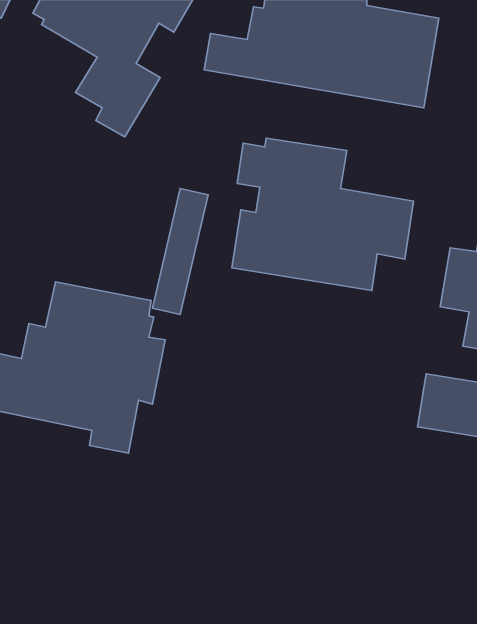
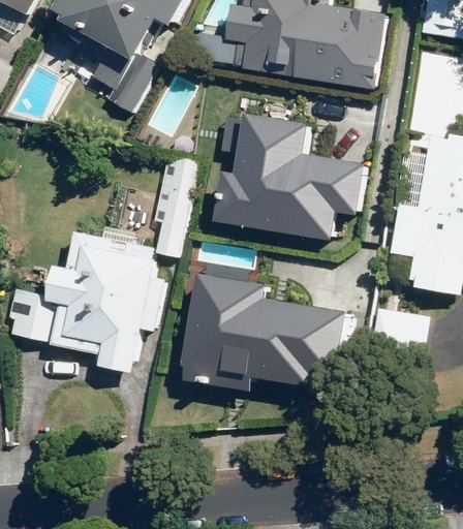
building: none -> [186,271,351,388]

